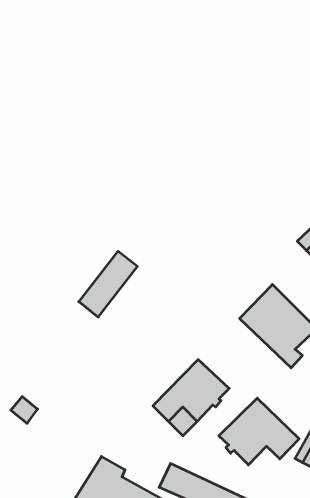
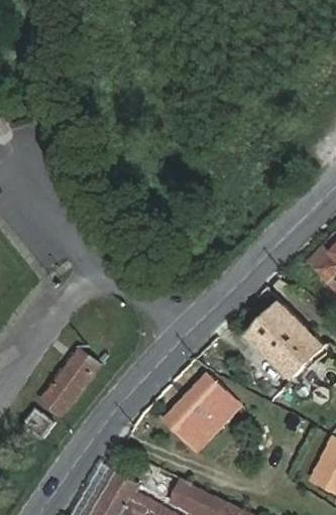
building: [79,251,137,317] -> [42,353,100,417]
building: [219,398,299,465] -> none

